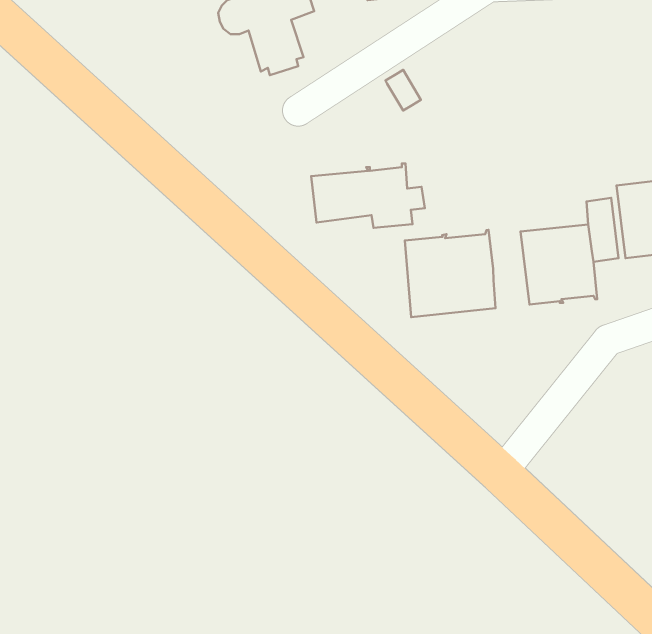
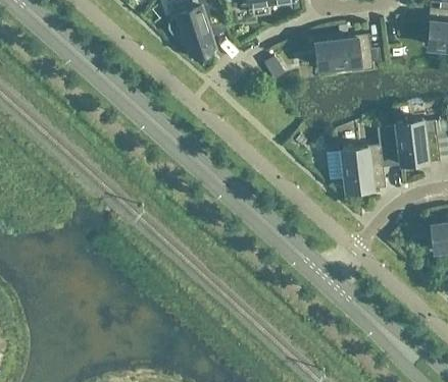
building: [311,164,425,228] -> [314,36,380,72]
building: [405,230,496,317] -> none

